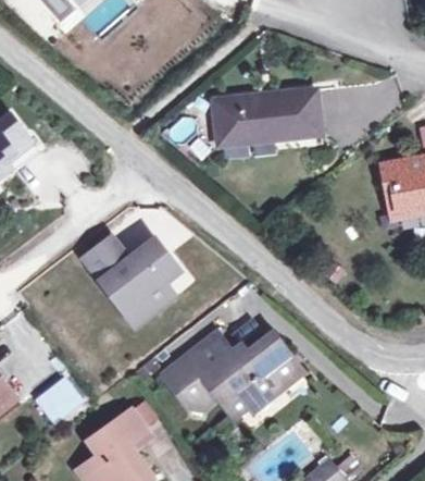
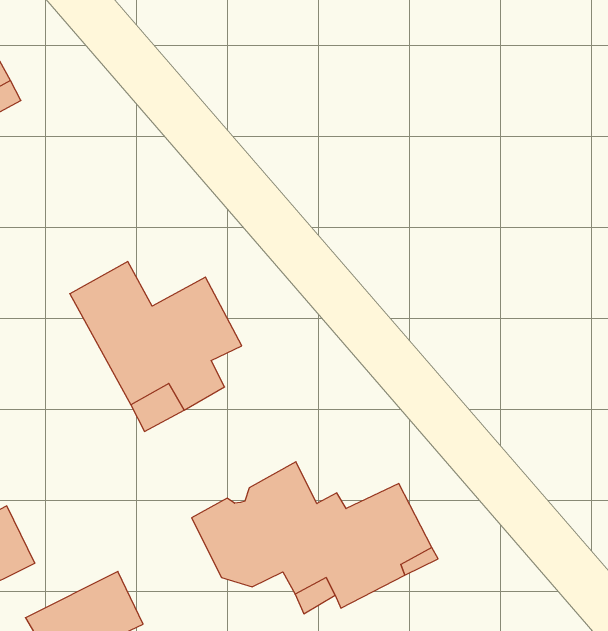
building: [212,92,320,144] -> none

